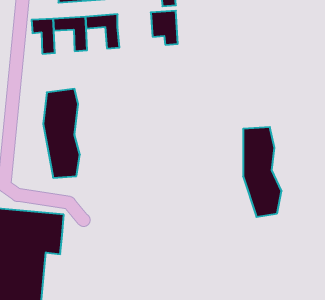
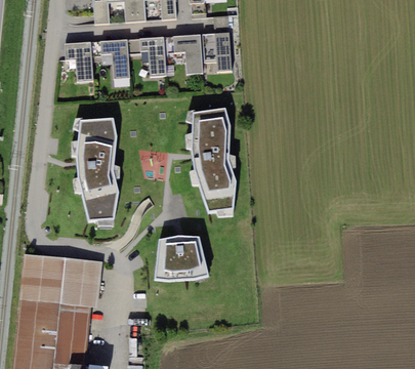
building: none -> [162,34,203,74]
building: [243,127,282,217] -> [195,113,239,215]
building: none -> [154,234,209,282]

